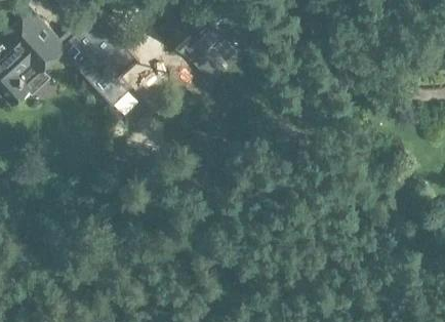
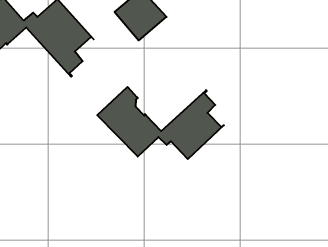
building: none -> [97,87,224,159]

